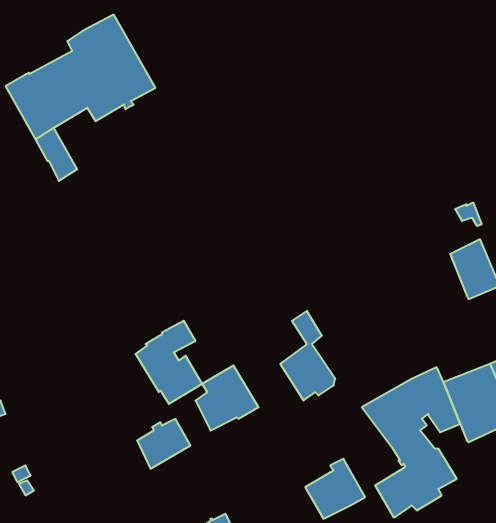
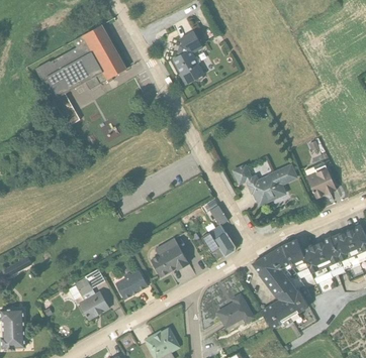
building: none -> [173,30,204,84]
building: none -> [234,163,296,205]
building: [135,321,202,404] -> [69,269,109,320]

